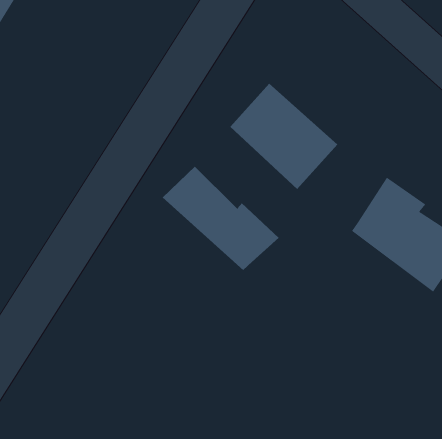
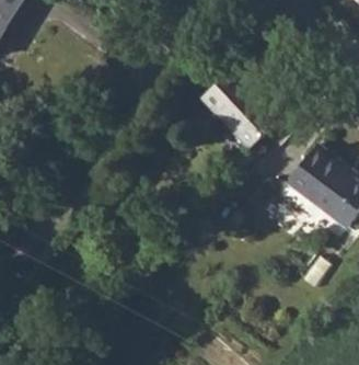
building: [162,166,279,271] -> none

